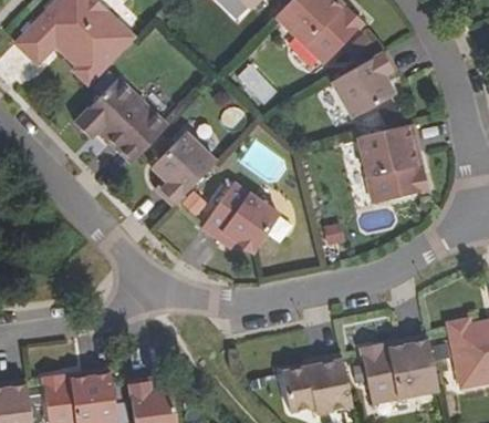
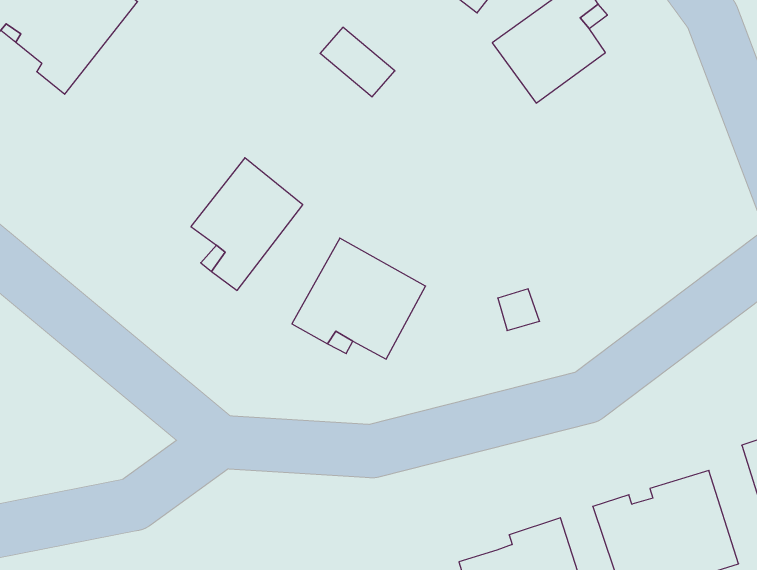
building: [75,79,168,163] -> none
building: [358,124,428,204] -> none

